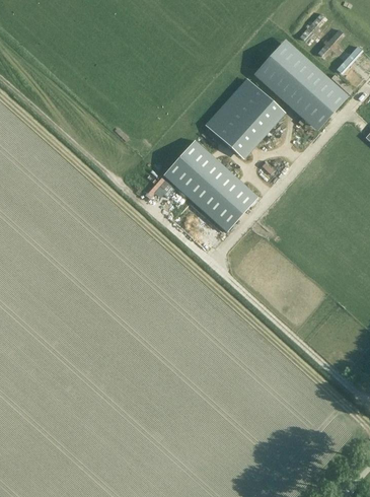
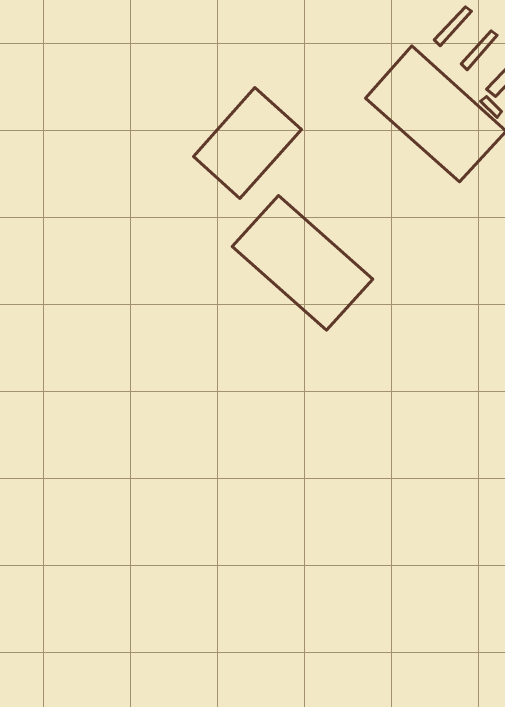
building: [207,79,280,154] -> [194,88,301,198]

